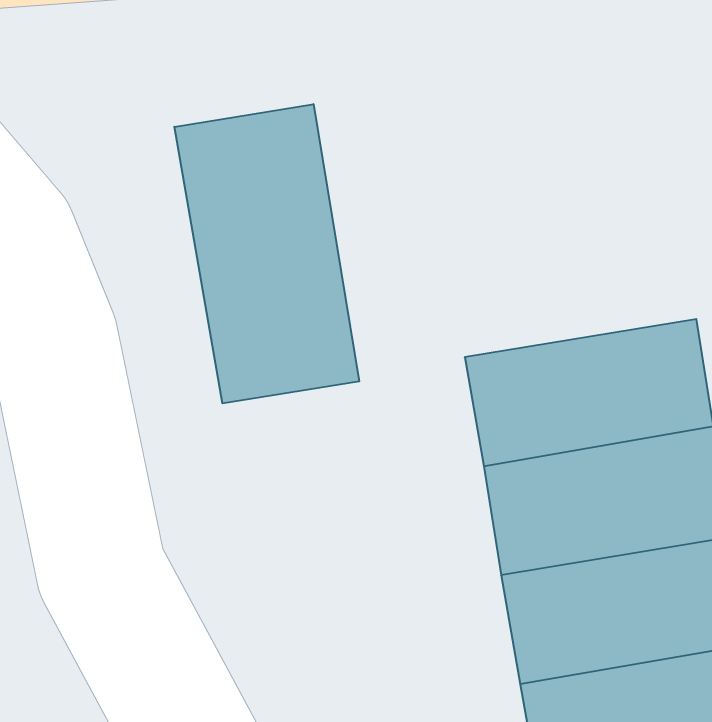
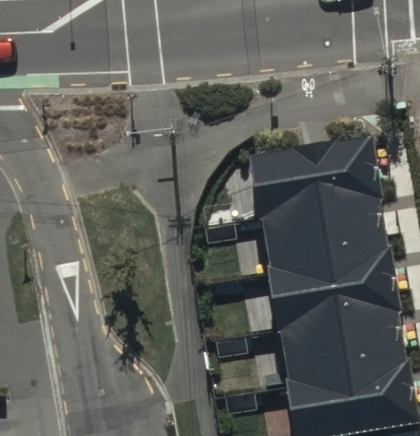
building: [174,104,359,403] -> none
building: none -> [247,138,378,215]

